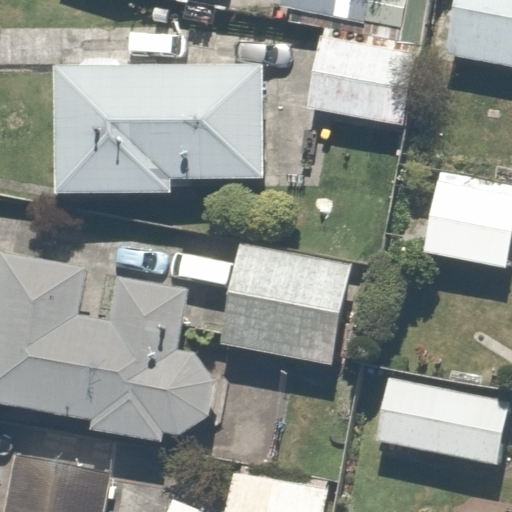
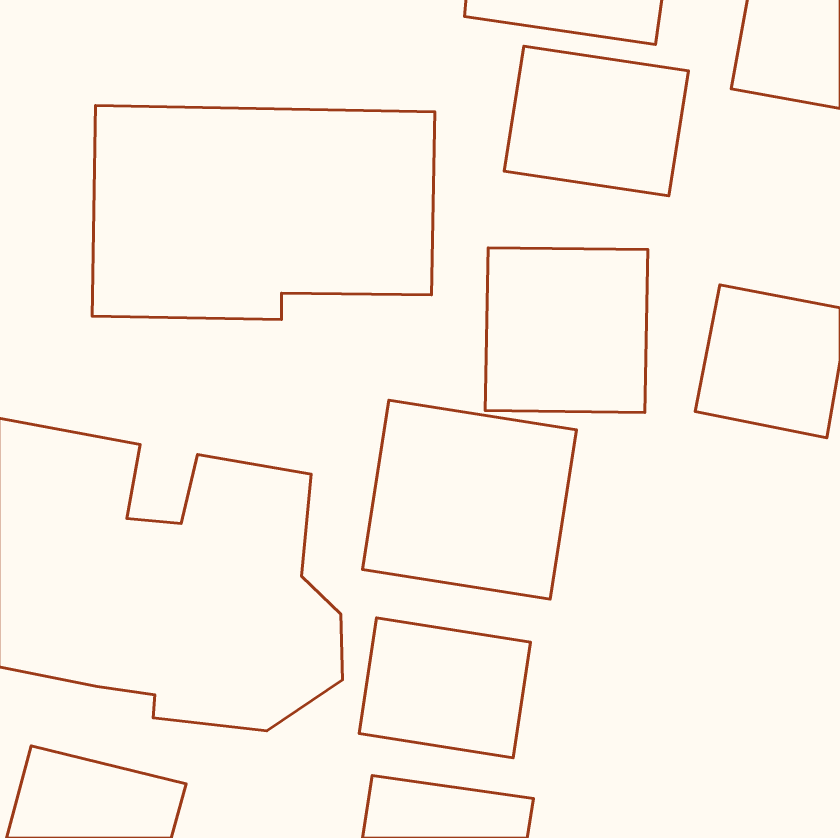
building: none -> [485,248,648,412]
building: none -> [359,618,530,758]
building: [374,376,505,459] -> none

